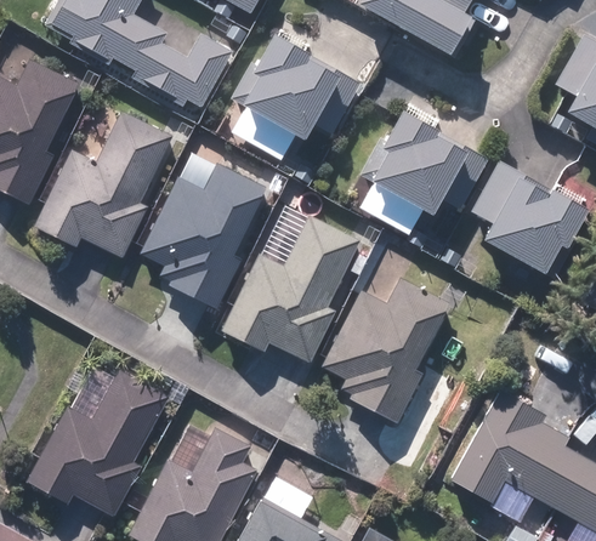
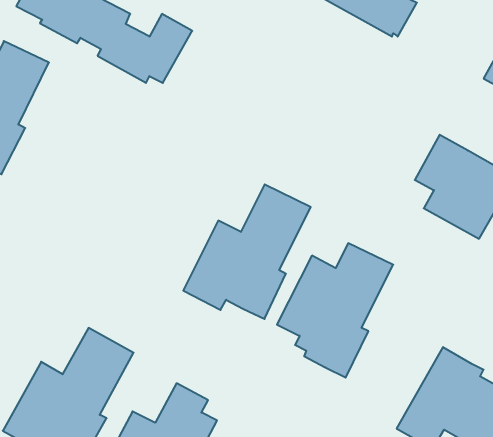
building: [232,36,359,142] -> none
building: [36,112,174,257] -> none
building: [361,113,487,216] -> none
building: [142,164,267,308] -> none

